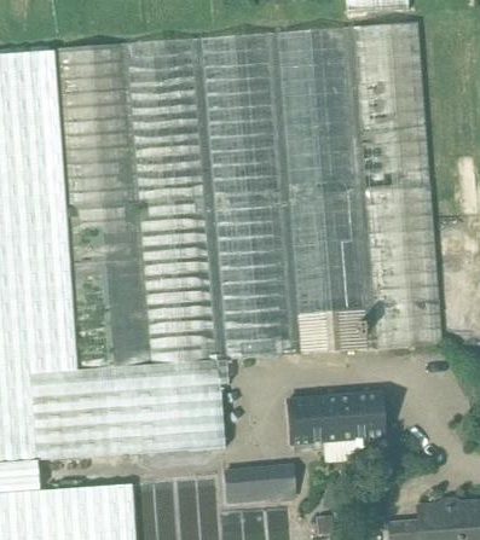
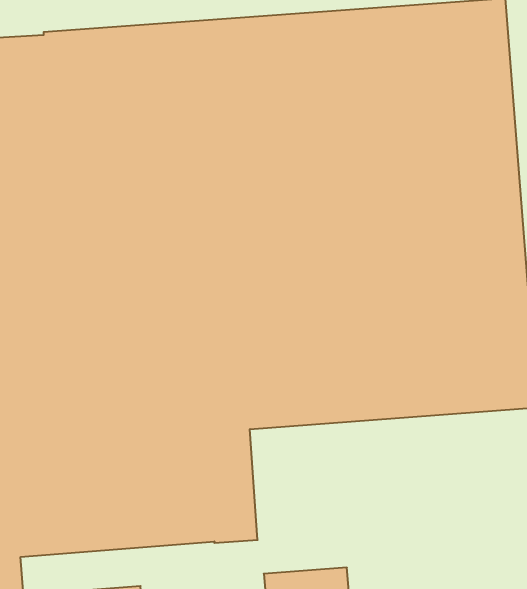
building: [289,394,381,441] -> none

